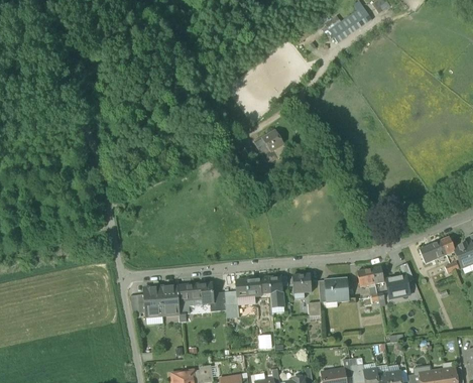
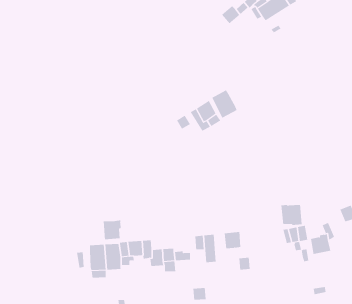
building: none -> [211,90,237,118]
building: none -> [103,220,121,240]
building: [236,277,261,295] -> none
building: [324,277,348,300] -> [281,204,303,225]

